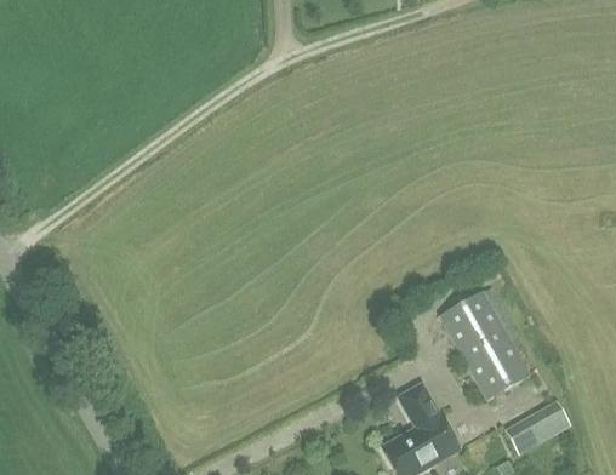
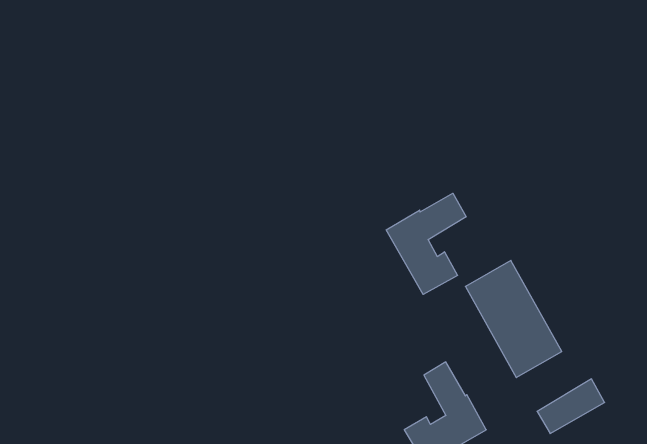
building: none -> [386,193,466,294]

